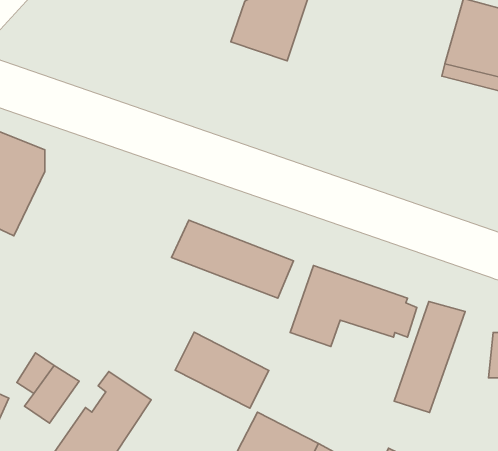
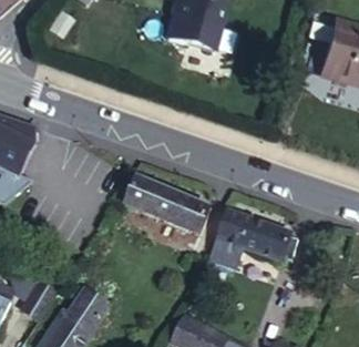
building: [394,301,465,412] -> none
building: [175,332,269,408] -> none

